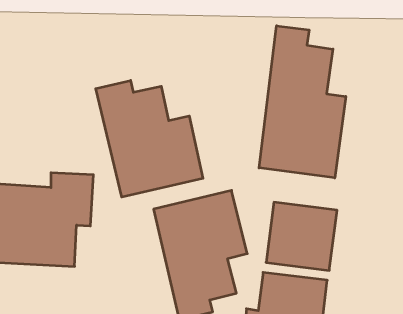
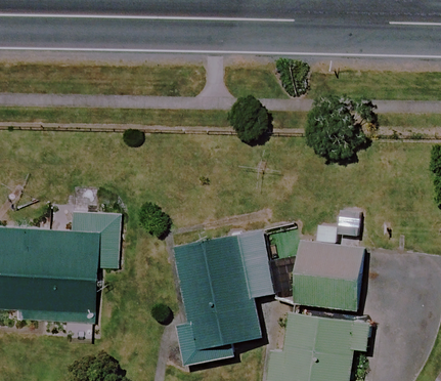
building: [259,26,346,178] -> none
building: [96,80,203,197] -> none

